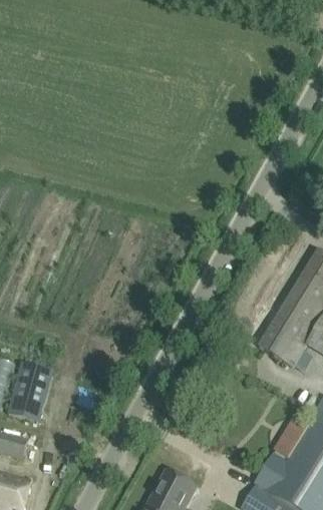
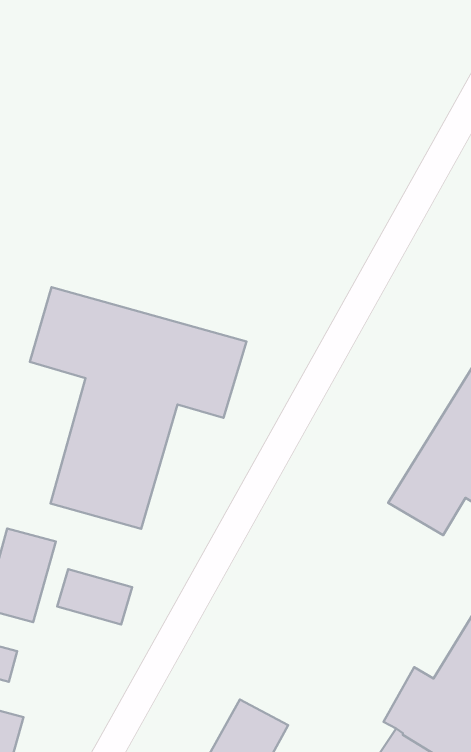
building: none -> [30,287,246,529]
building: none -> [57,569,132,625]

